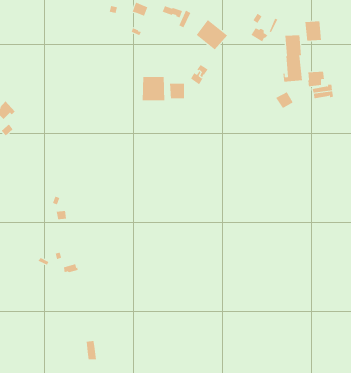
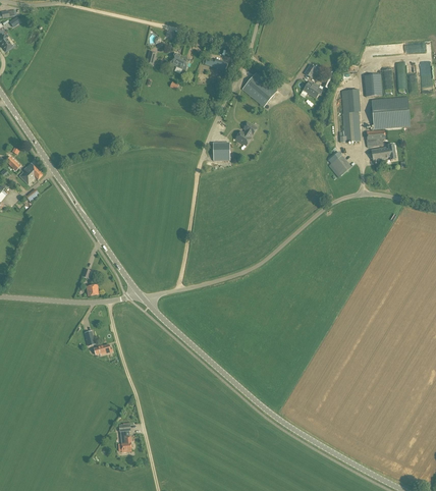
building: none -> [371,96,410,128]
building: [142,76,165,101] -> none

